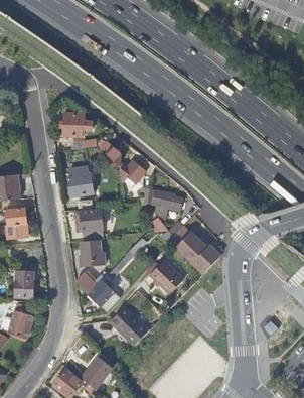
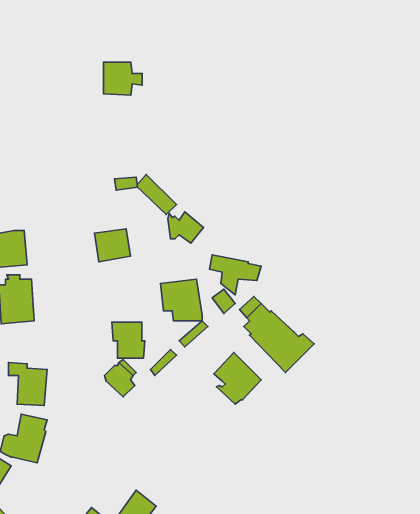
building: [63,112,91,135] -> [103,62,142,95]
building: [74,210,104,239] -> [161,279,202,321]
building: [88,277,122,311] -> none
building: [110,307,149,346] -> none

